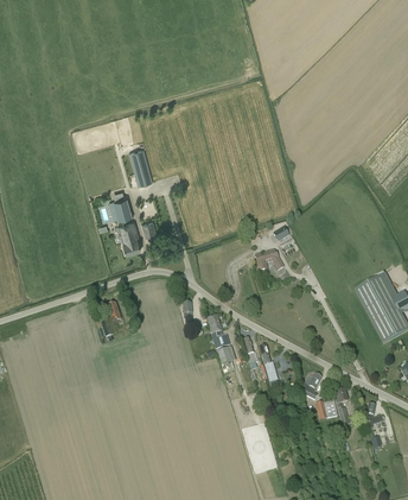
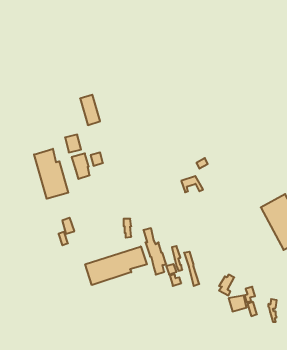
building: none -> [34,149,68,199]
building: none -> [85,246,147,285]

